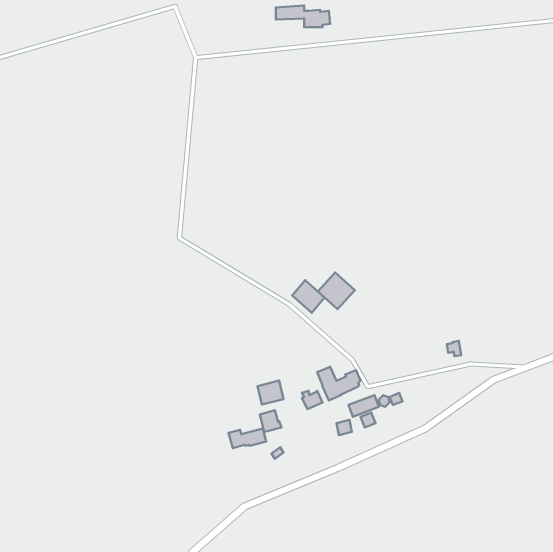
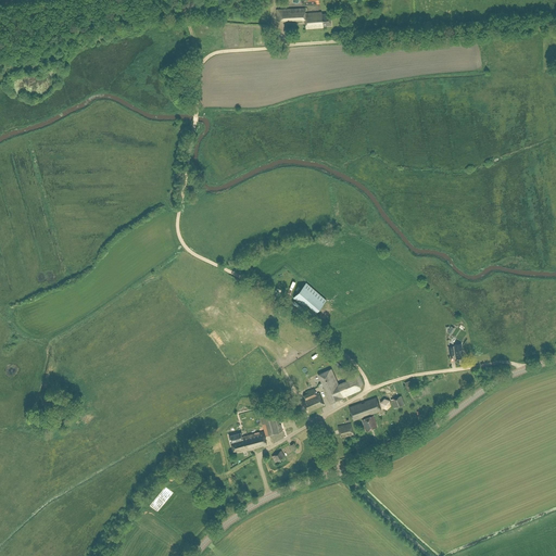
building: [318,273,355,309] -> none
building: [257,381,283,404] -> none

